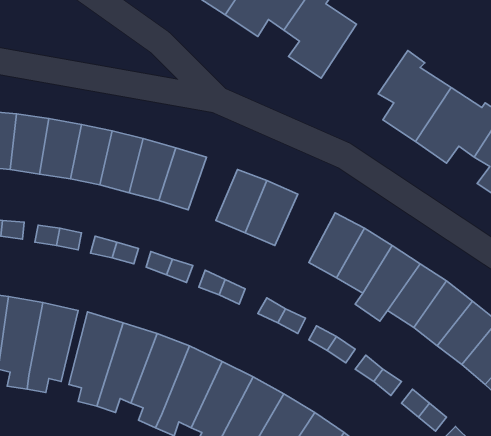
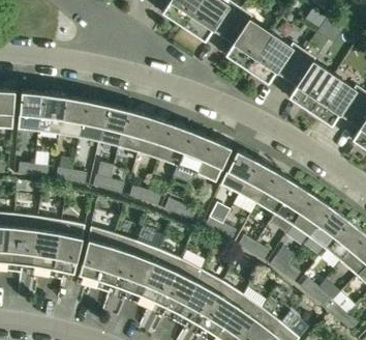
building: none -> [247,33,305,84]
building: none -> [158,122,191,165]
building: none -> [220,150,256,193]

